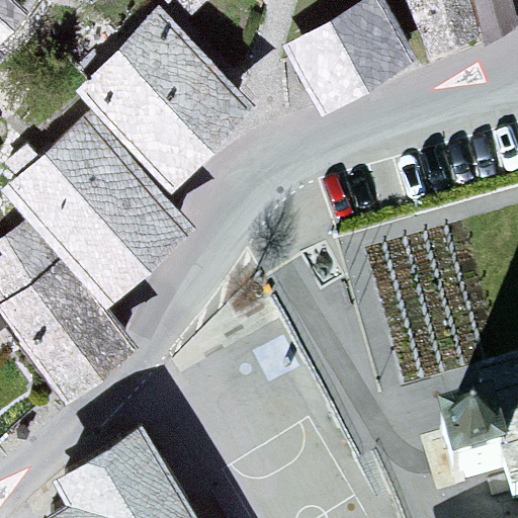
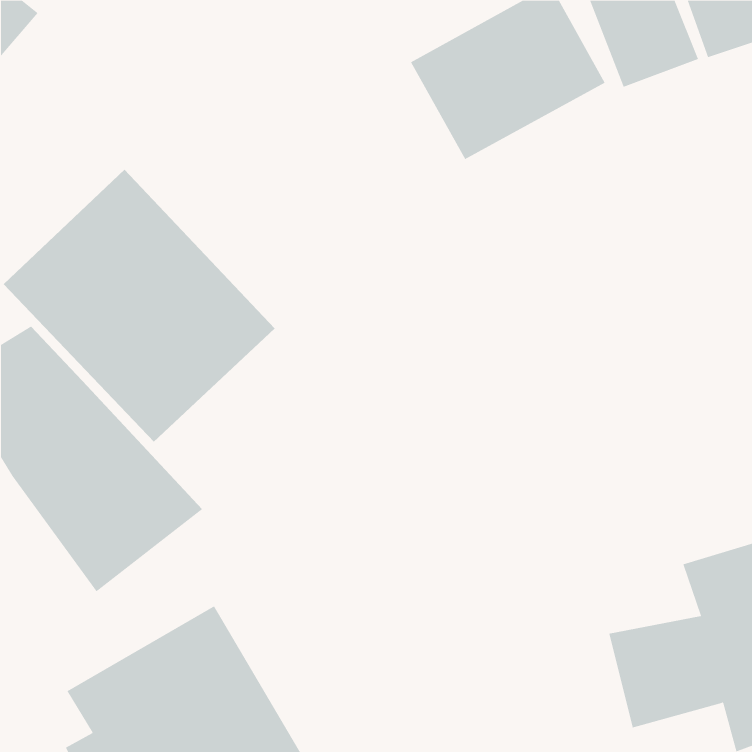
building: [76,9,254,186] -> none

